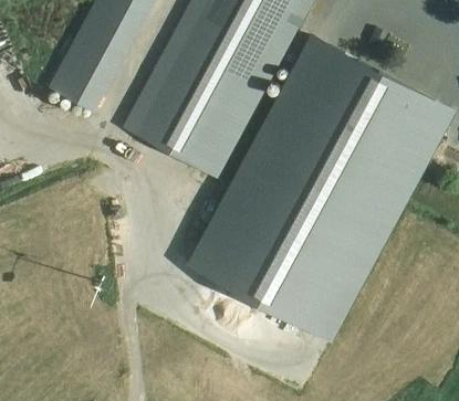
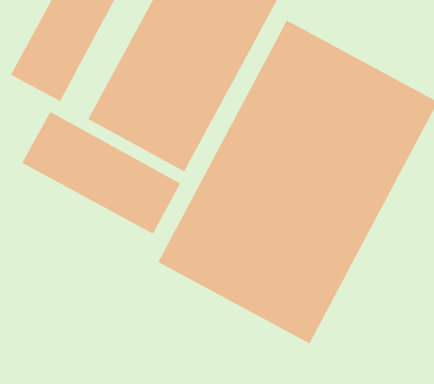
building: none -> [21,111,181,235]

